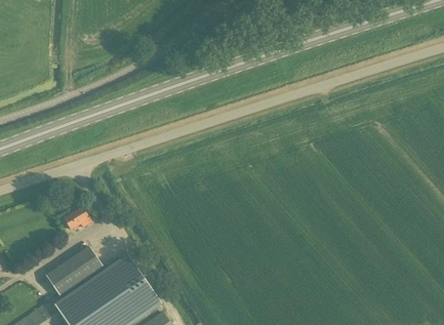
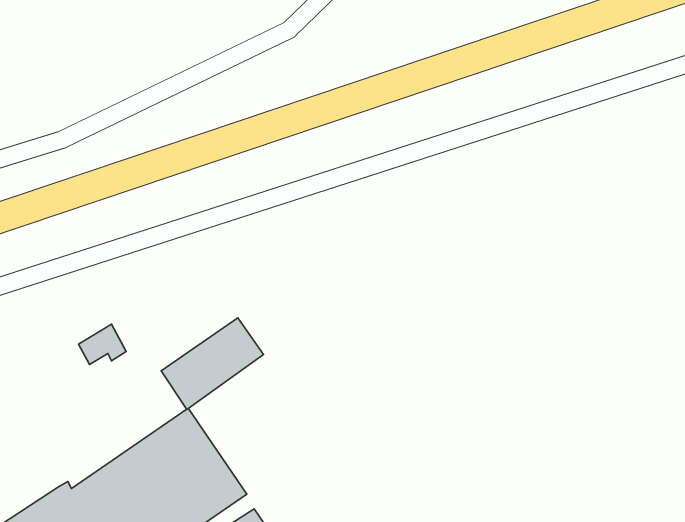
building: [46,247,104,298] -> [161,318,263,409]

